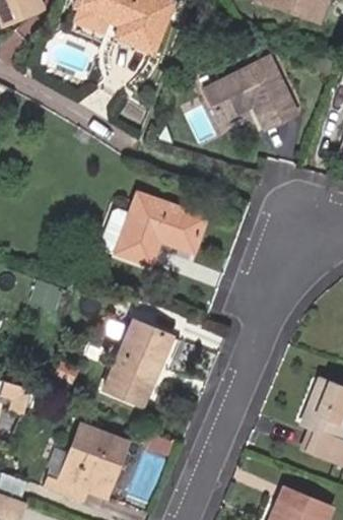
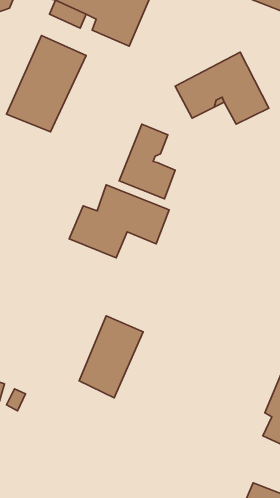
building: none -> [6,35,86,132]
building: none -> [119,124,175,199]
building: [41,421,129,499] -> none

